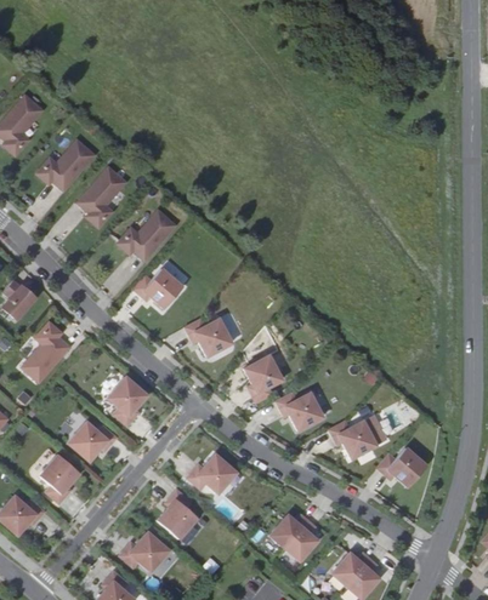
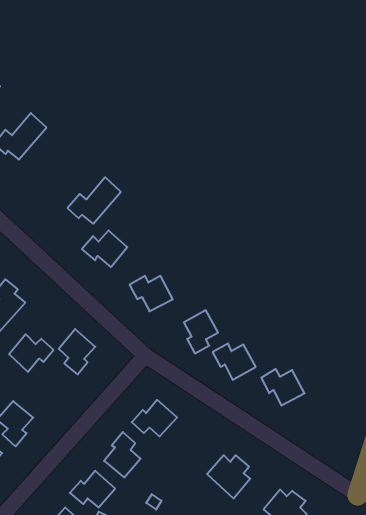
building: [78,167,126,228] -> none
building: [69,421,118,462] -> [9,334,53,372]
building: [378,447,429,487] -> none

